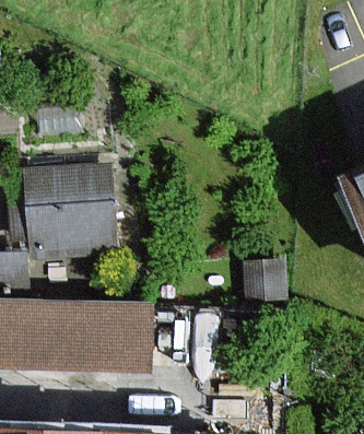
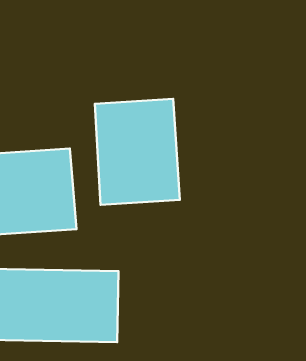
building: none -> [95,99,180,205]

